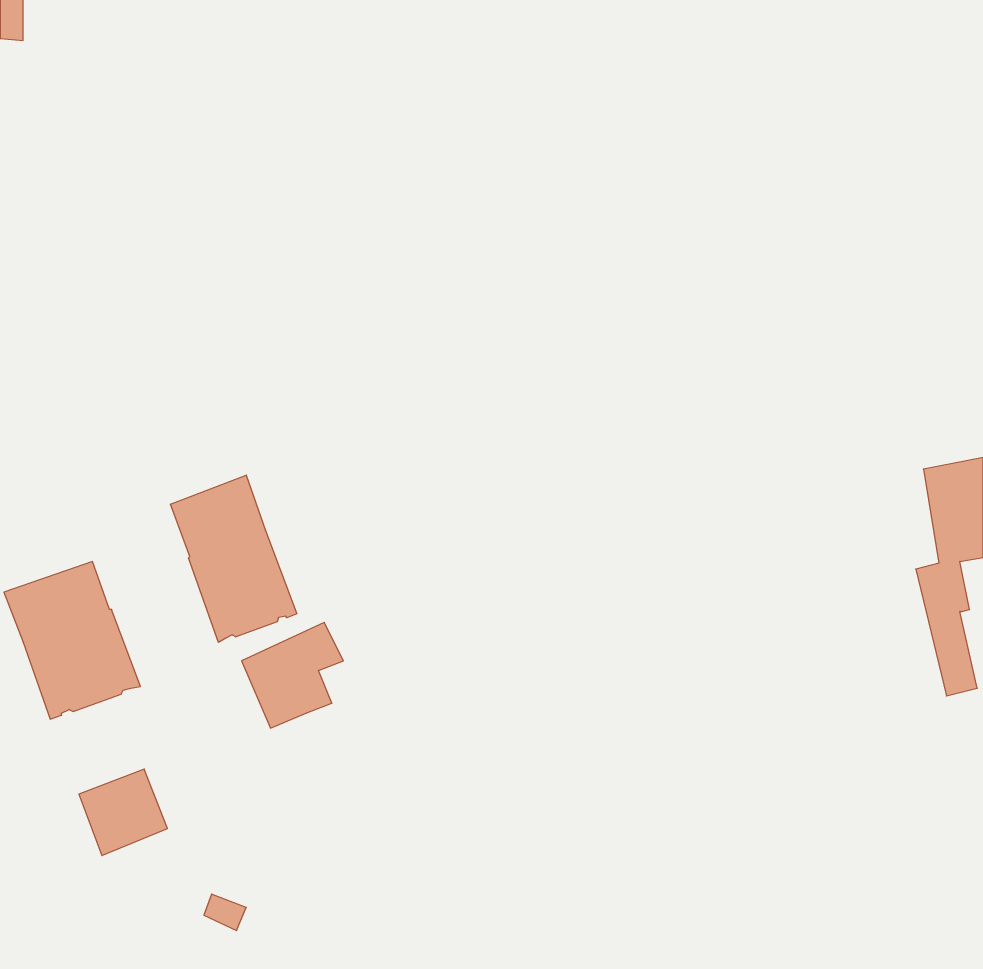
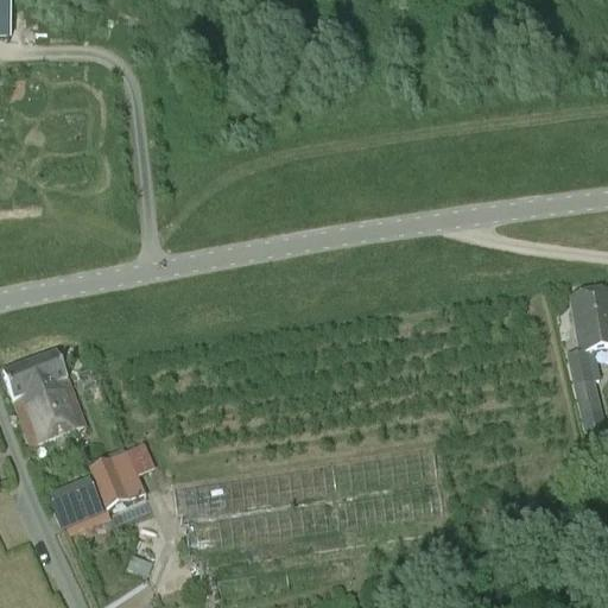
building: [171,475,297,642] -> none
building: [242,622,343,728] -> [89,442,152,507]

